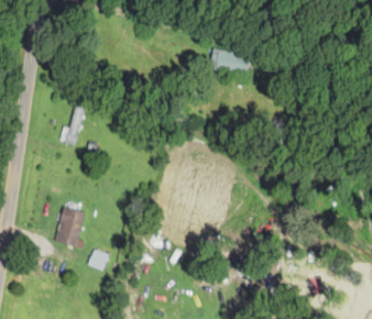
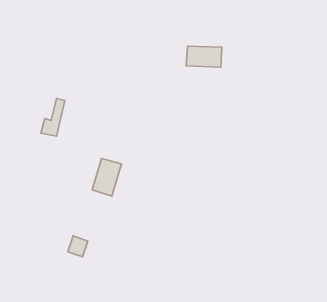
building: [55,207,86,246] -> [92,159,121,196]

